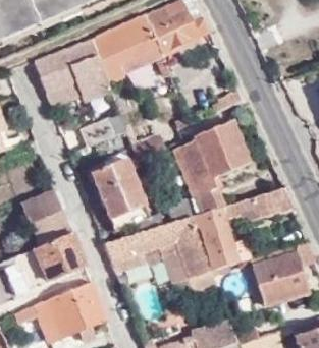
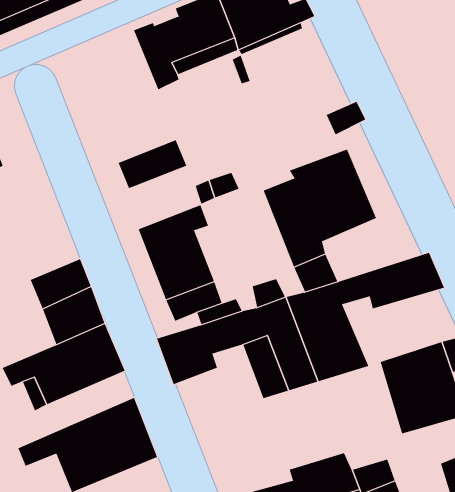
building: [37,40,109,103] -> none

